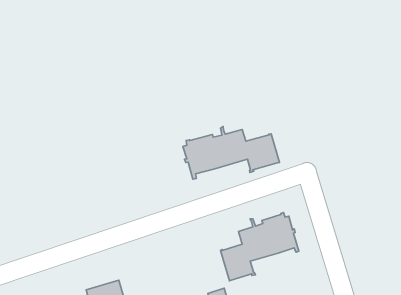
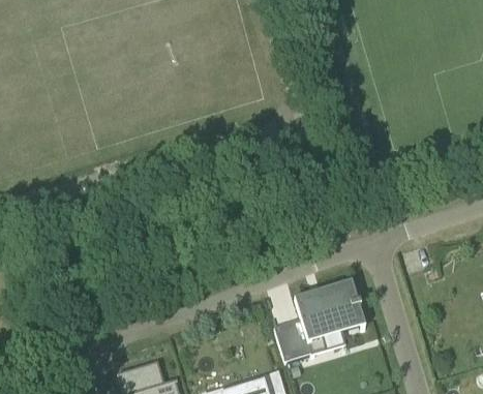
building: [183,126,279,179] -> none

